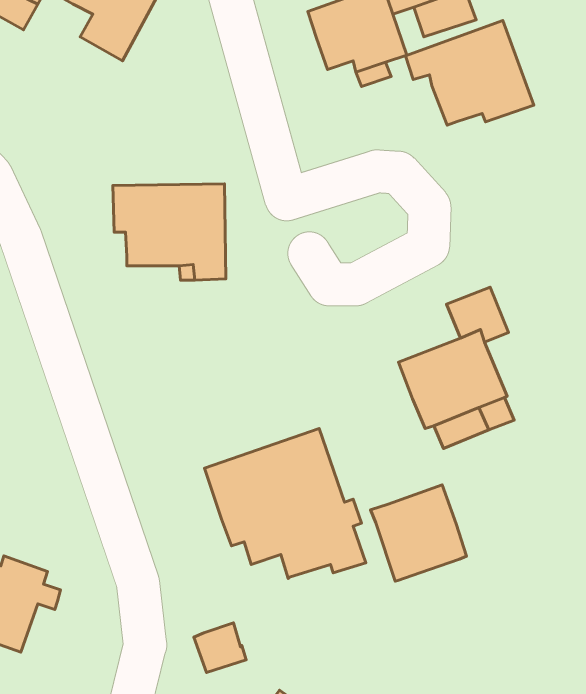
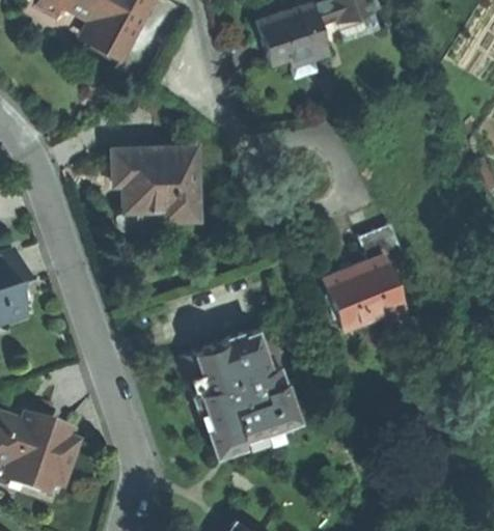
building: [405,21,534,125] -> none
building: [371,485,467,581] -> none
building: [194,623,246,672] -> [209,418,247,454]

